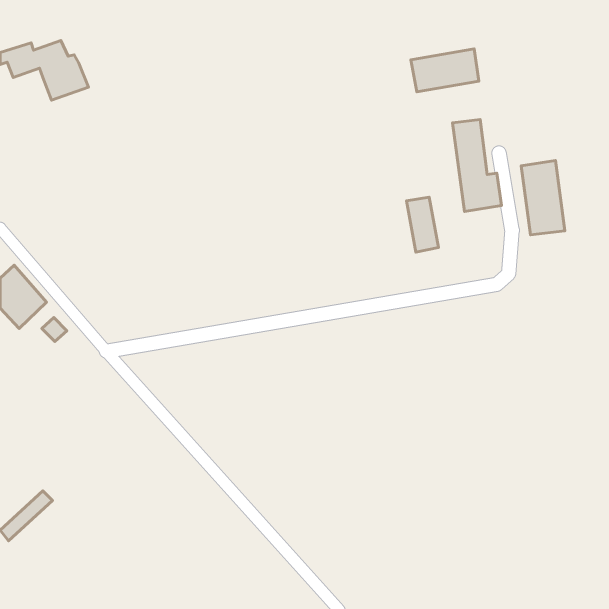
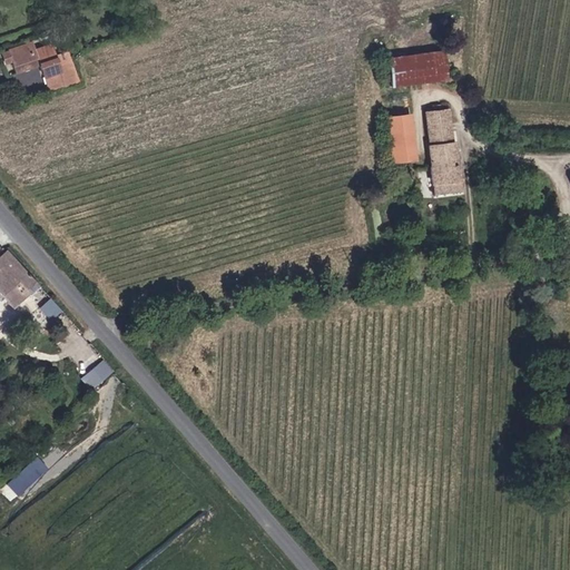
building: [521,160,565,235] -> none
building: [406,197,439,252] -> [386,112,416,164]
building: none -> [82,358,116,390]

